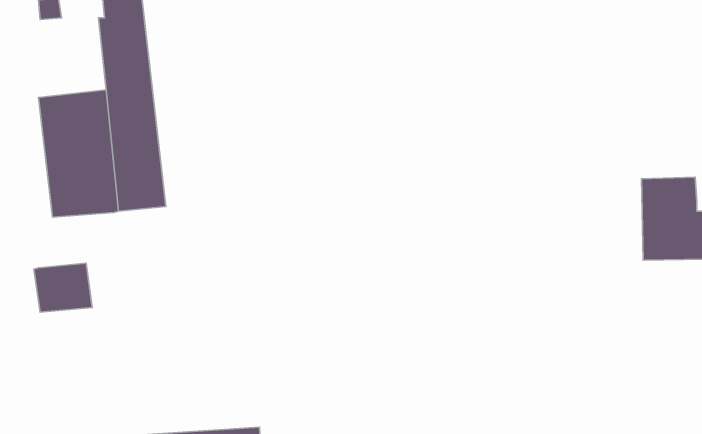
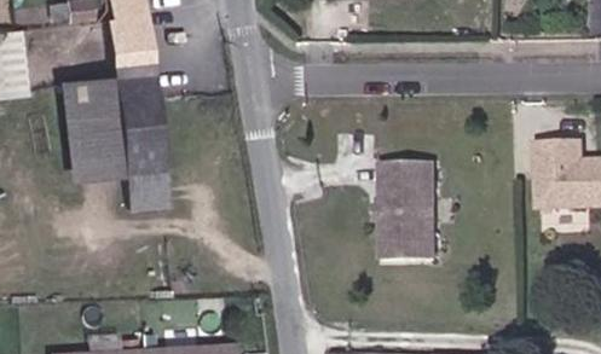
building: none -> [380,162,433,259]
building: [34,263,92,312] -> [121,168,167,207]

